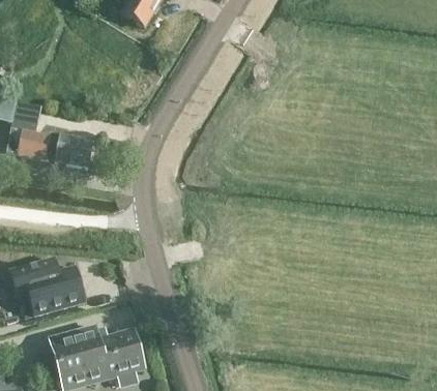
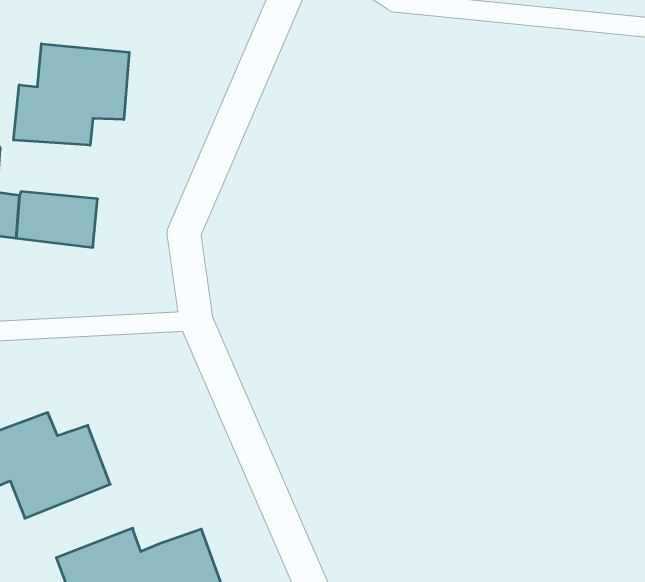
building: none -> [14,44,129,145]

